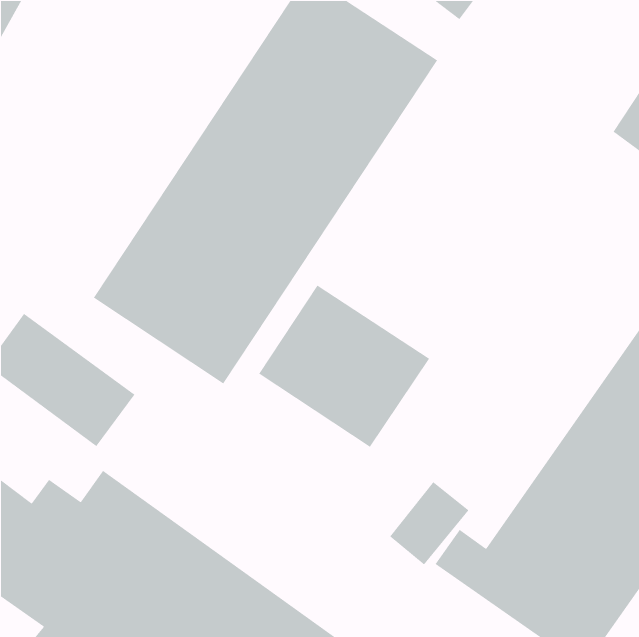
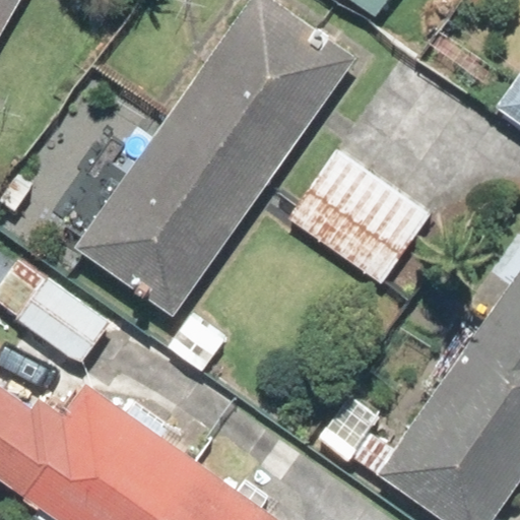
building: [258,285,430,448] -> [290,150,430,282]

